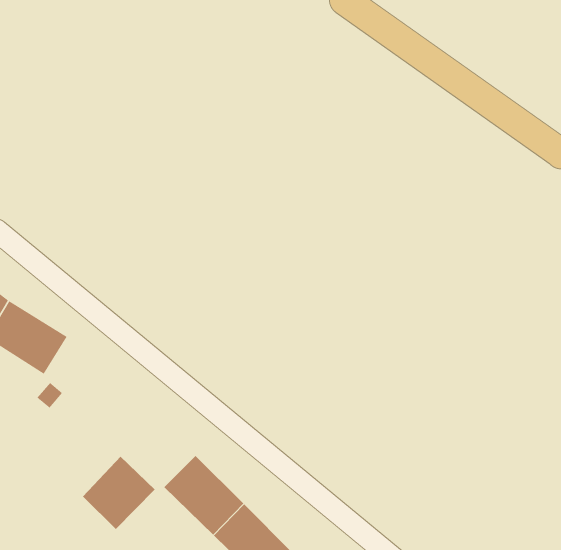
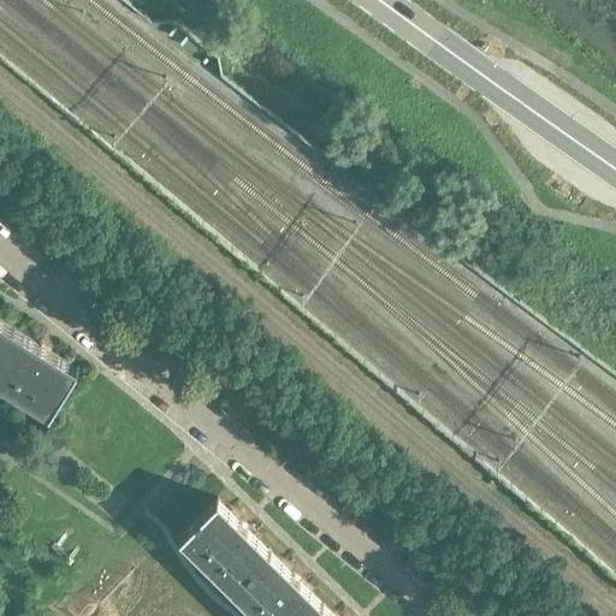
building: [82,456,155,530] -> none

